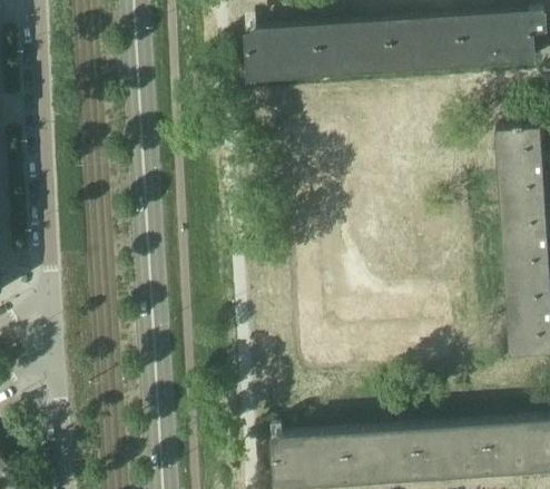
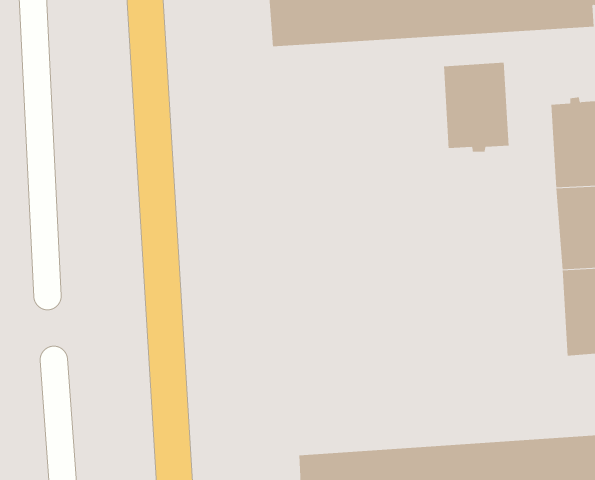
building: none -> [444,62,509,153]

